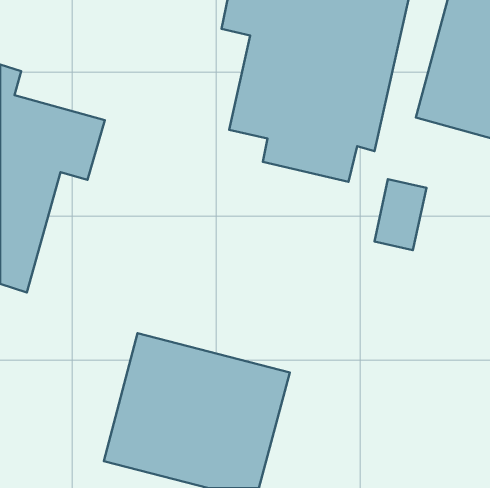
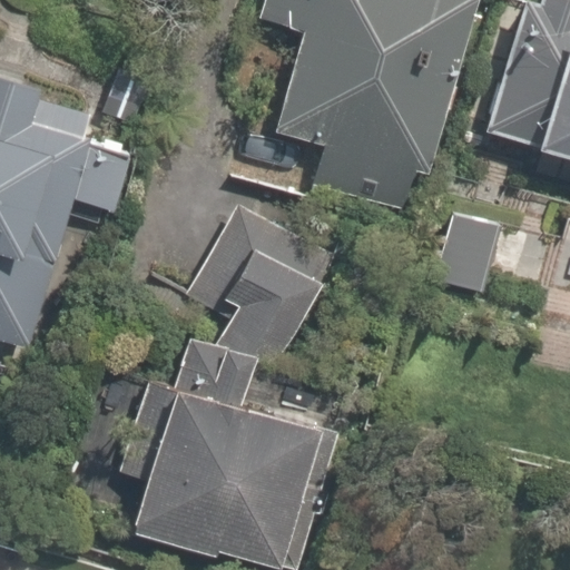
building: none -> [180,199,340,353]

